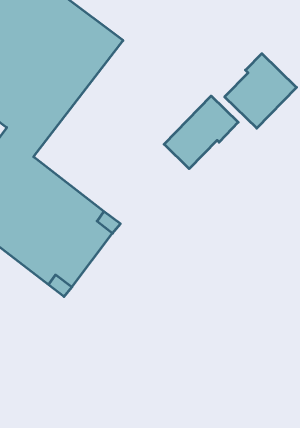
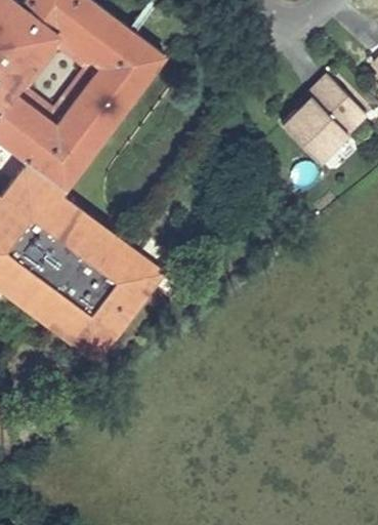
building: [164,96,238,169] -> none

